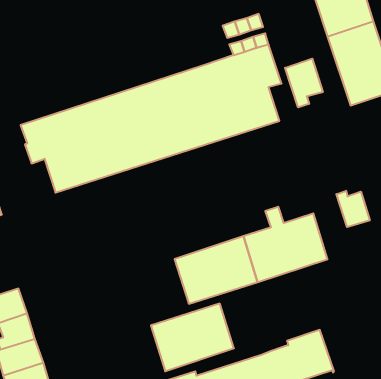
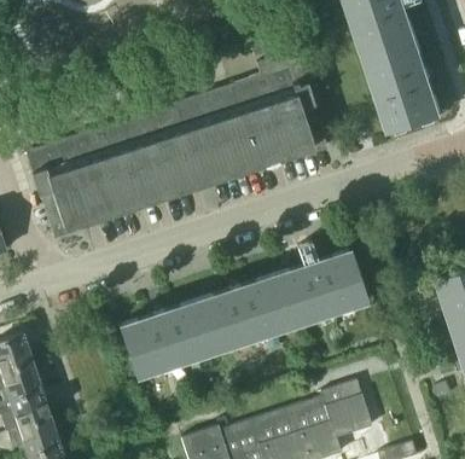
building: [285,59,323,107] -> none
building: [336,191,370,227] -> none
building: [151,304,234,371] -> [118,302,210,377]

